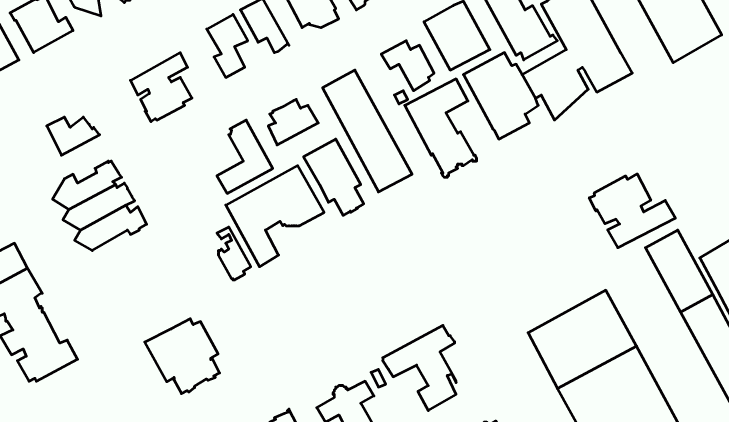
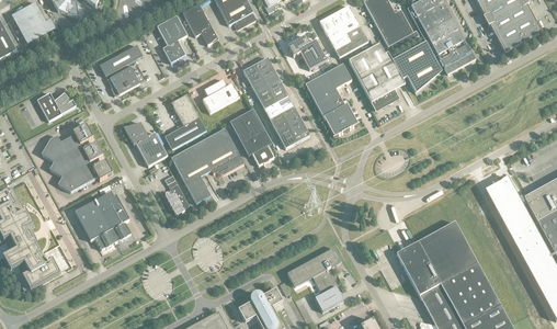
building: none -> [124,121,167,164]
building: [589,174,675,248] -> none
building: [145,319,220,394] -> [73,192,129,248]

